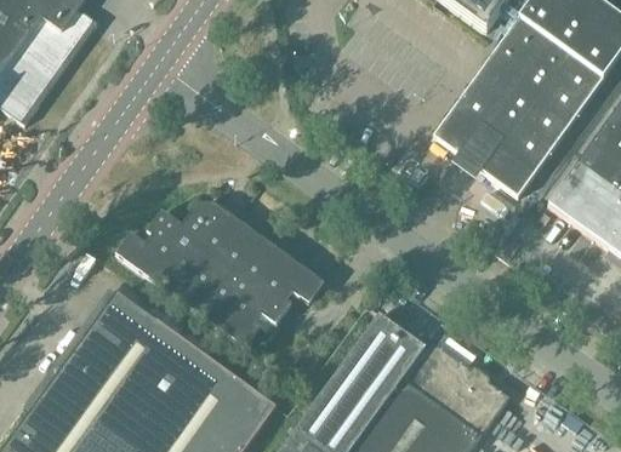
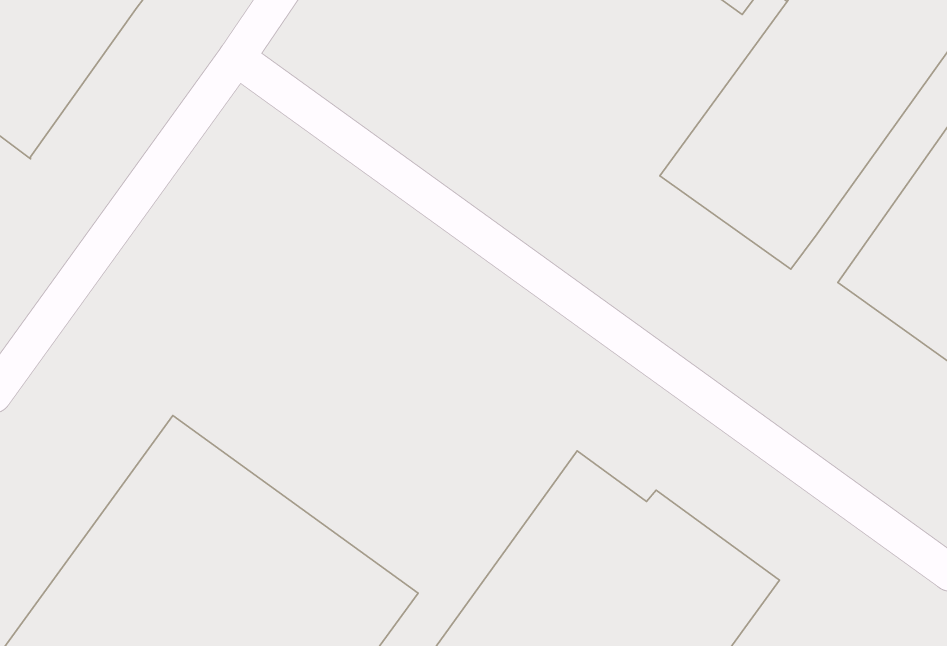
building: [124,202,314,338] -> none

